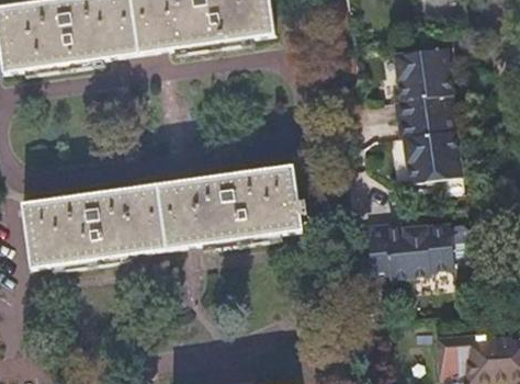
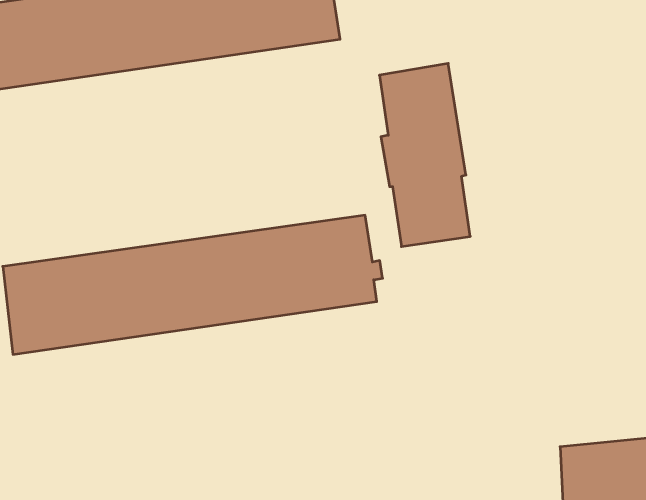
building: [393,42,461,179] -> [379,63,470,247]
building: [365,222,453,281] -> none

